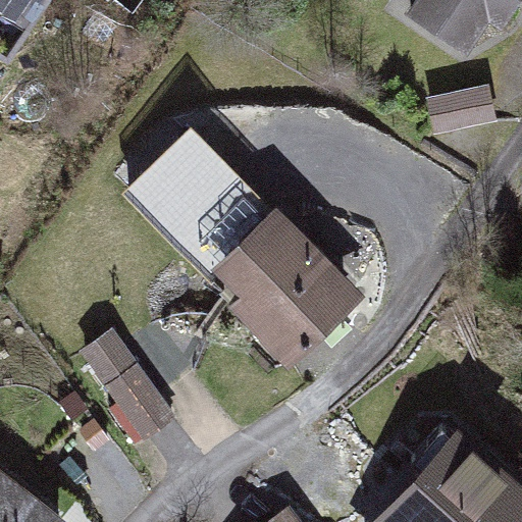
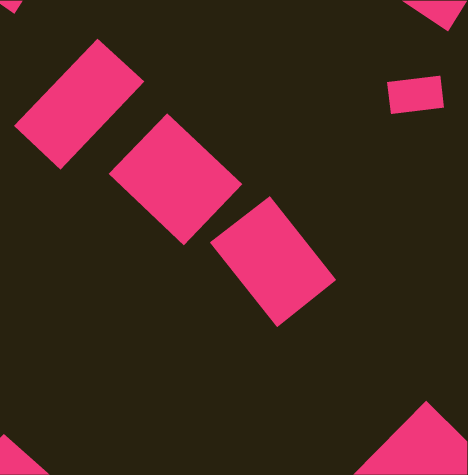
building: none -> [13,38,145,171]
building: [73,323,170,437] -> none

